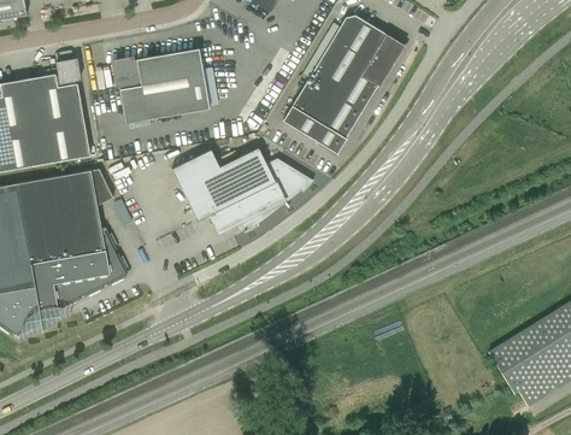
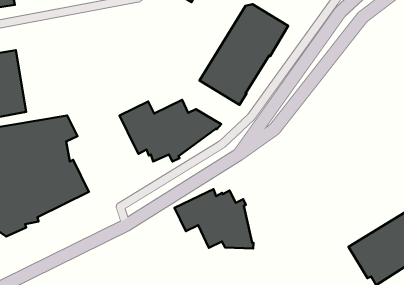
building: [116,48,210,123] -> none
building: [28,59,90,164] -> none
building: none -> [174,189,253,248]

